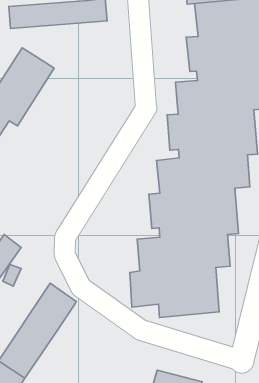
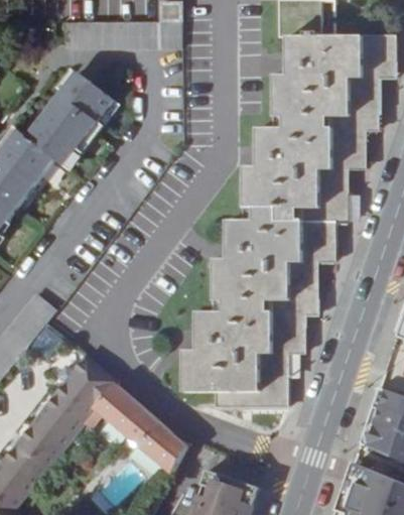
building: none -> [93,383,187,473]

